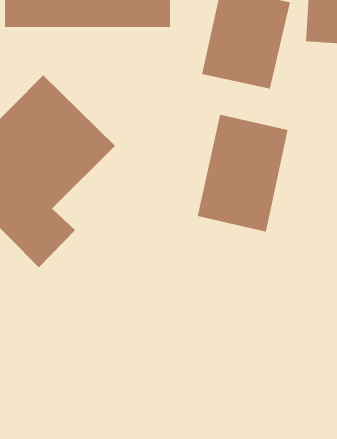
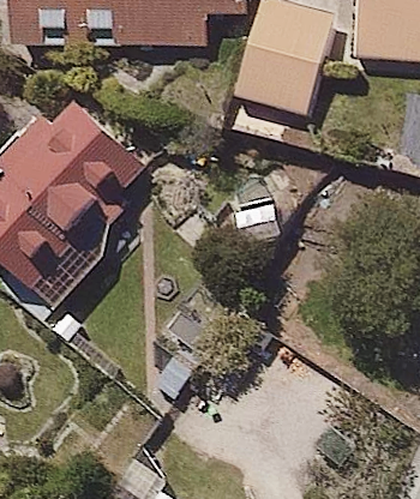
building: [197,114,288,233] -> none

